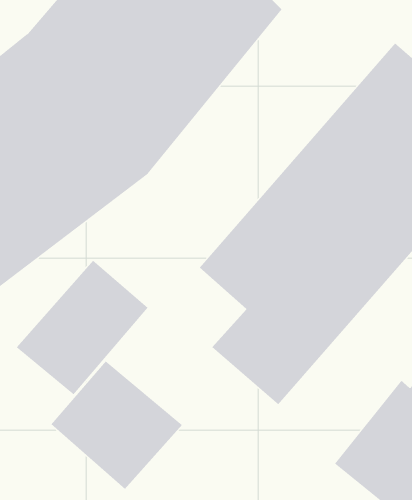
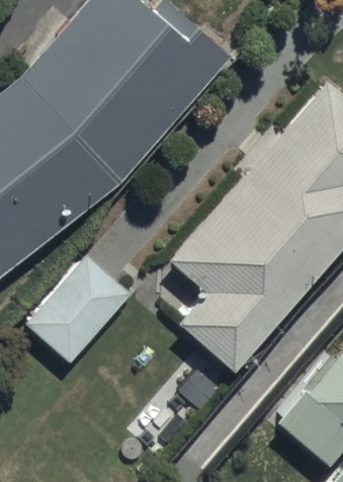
building: [51,361,183,490] -> none

